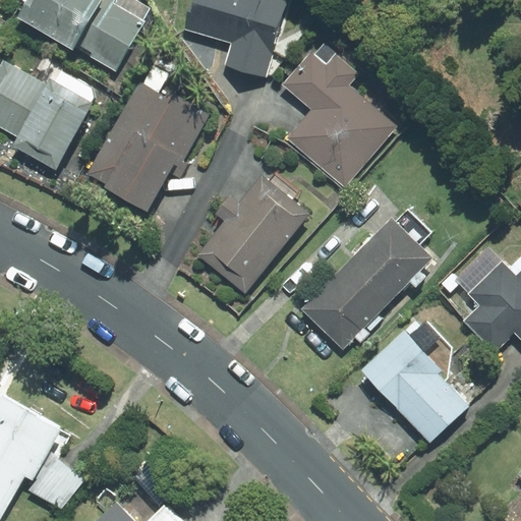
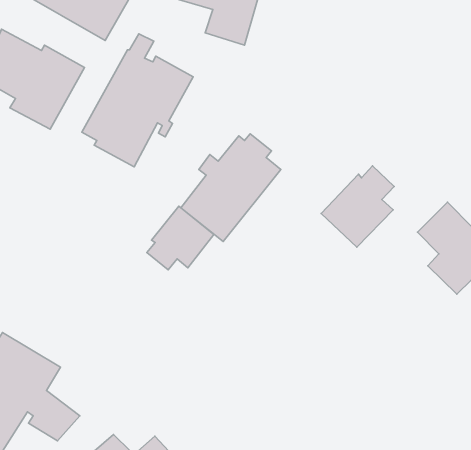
building: [283,44,396,188] -> none
building: none -> [147,206,214,270]
building: [303,262,389,347] -> none
building: [362,321,468,443] -> none

